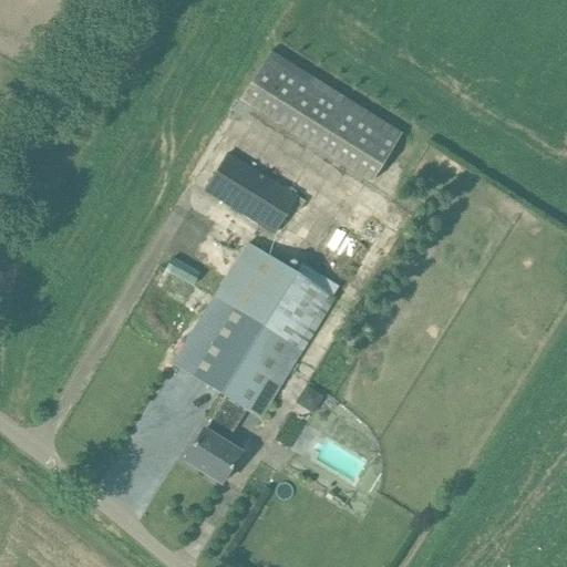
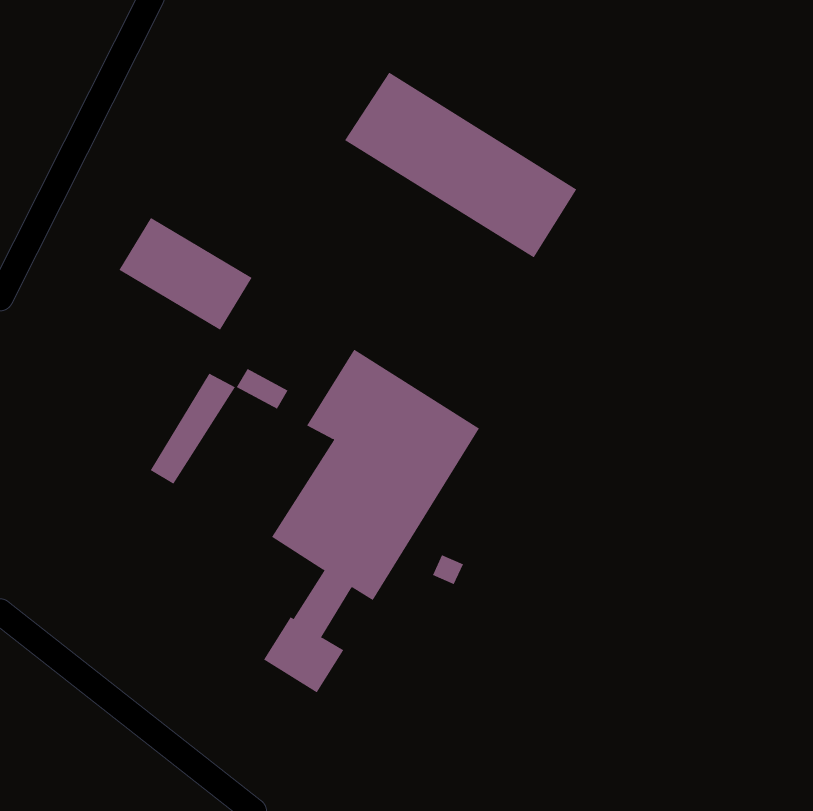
building: [205,153,298,231] -> [118,217,252,330]
building: [173,296,233,373] -> [150,373,236,484]

